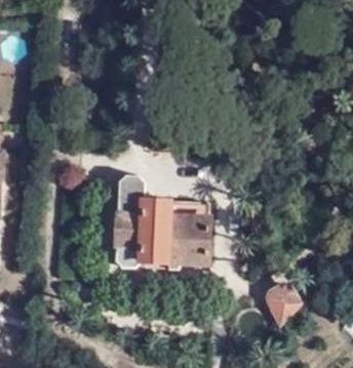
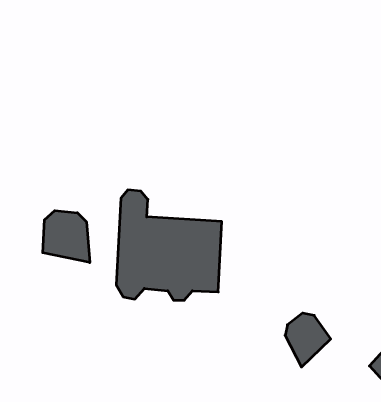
building: none -> [43,211,90,263]

